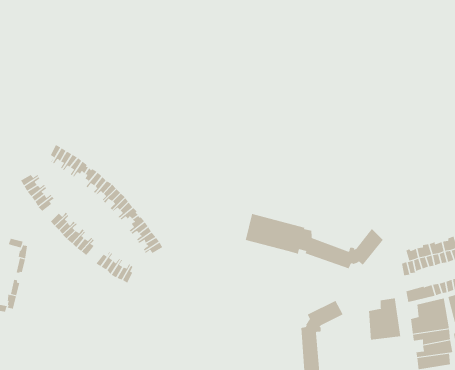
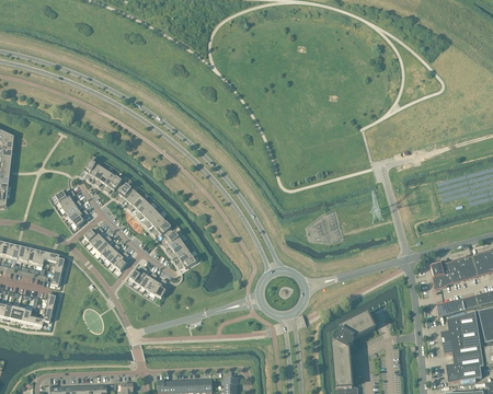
building: [245,213,384,269] -> none
building: [369,298,401,340] -> none

